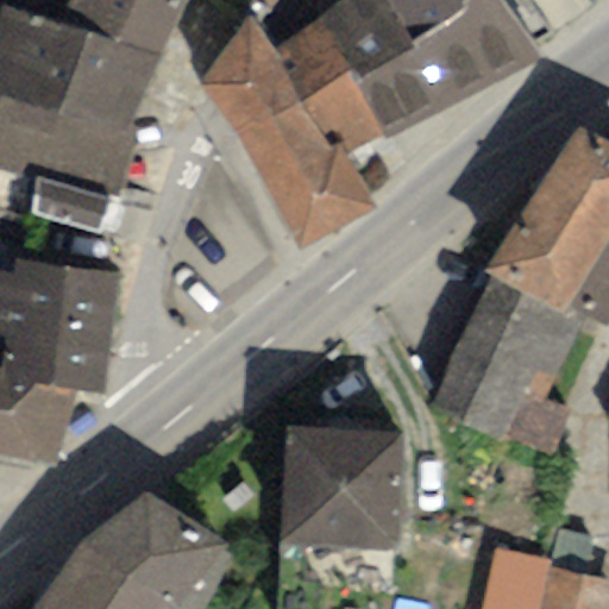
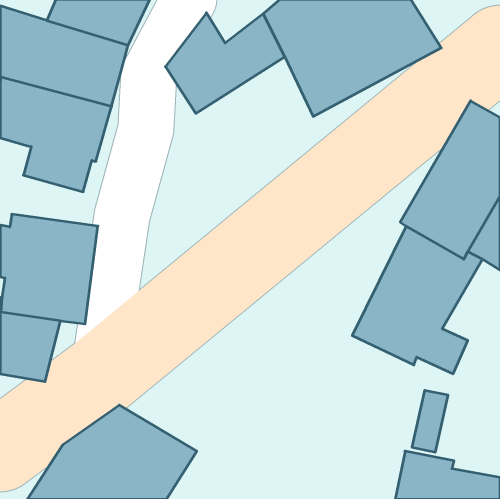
building: [238,69,381,255] -> none
building: [282,427,400,547] -> none

